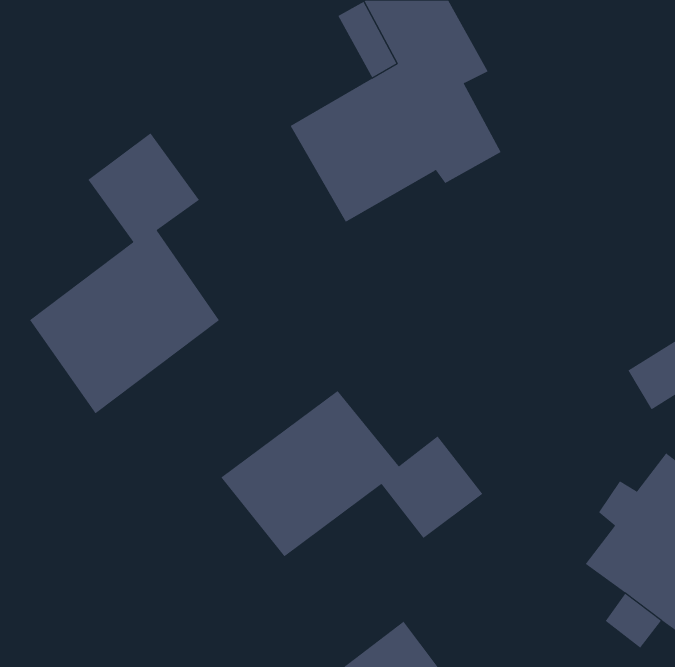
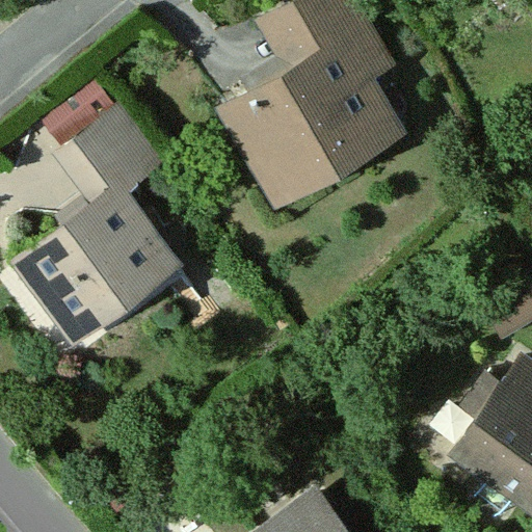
building: [220,390,483,557] -> none

